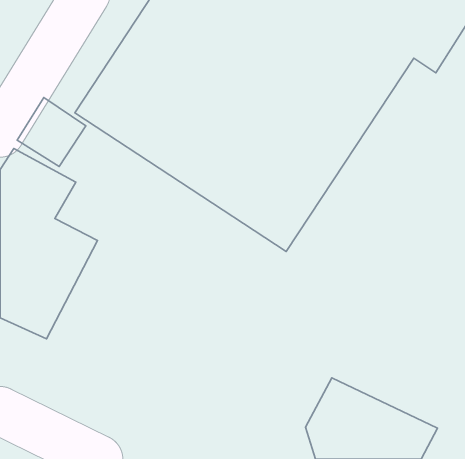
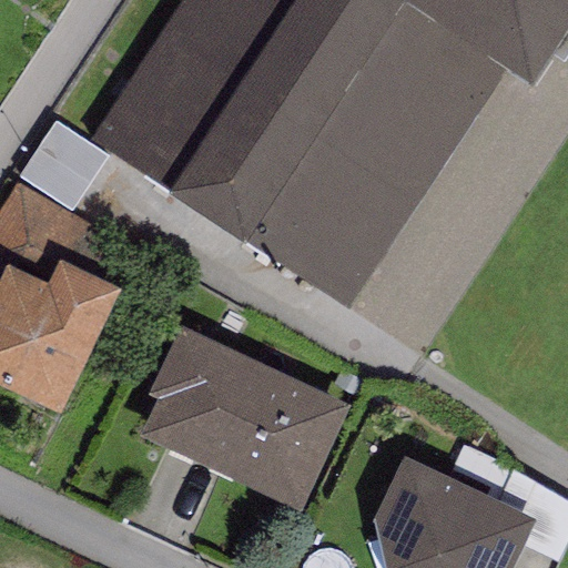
building: none -> [141,325,349,509]

